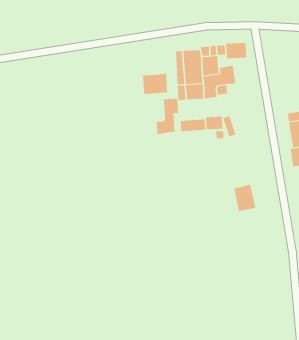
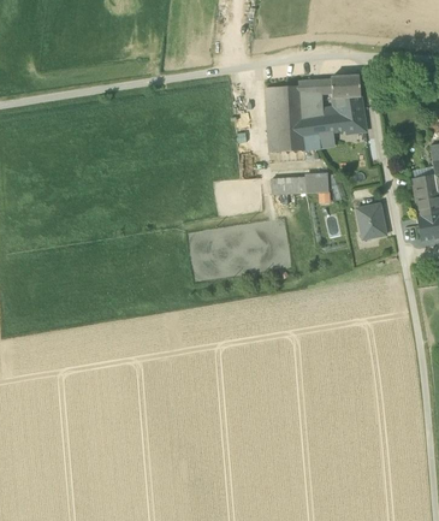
building: none -> [333,96,366,132]
building: [142,73,168,95] -> none
building: [156,98,178,135] -> none
building: [234,184,256,211] -> [357,203,387,239]

